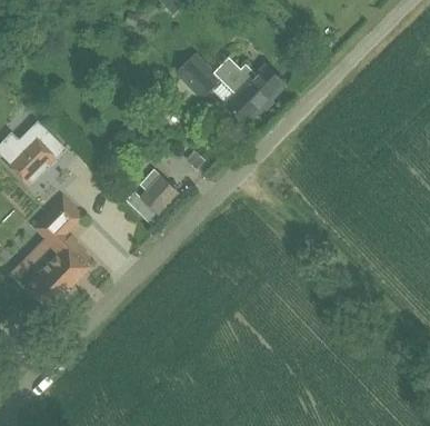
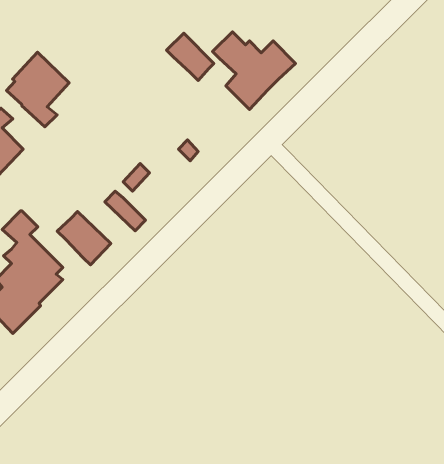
building: none -> [7,52,69,127]
building: none -> [57,212,111,265]

